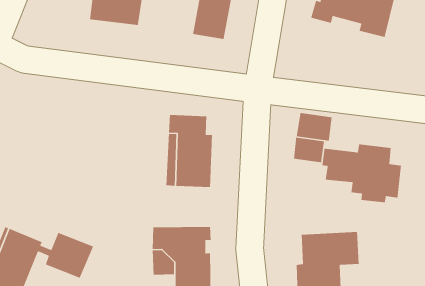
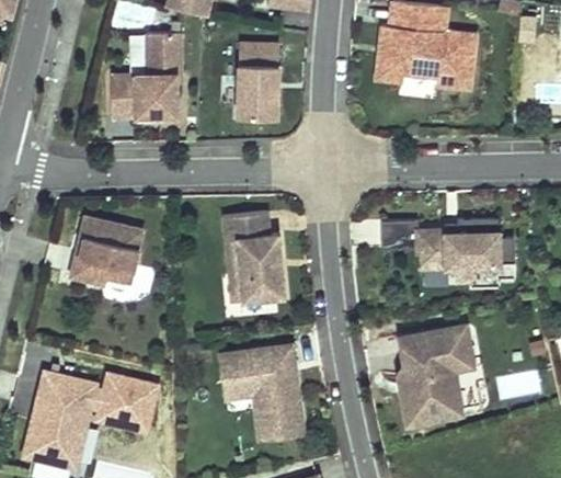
building: none -> [69,217,142,286]
building: [296,112,333,141] -> none

